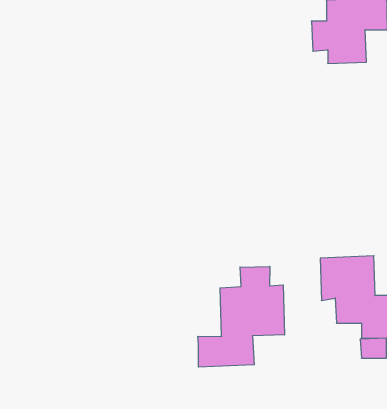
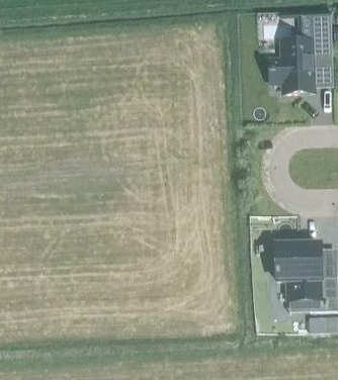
building: [198,266,285,367] -> none

